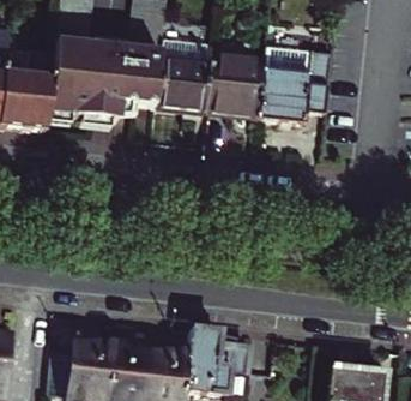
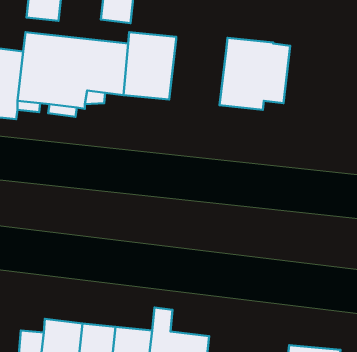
building: [204,46,264,115] -> none

